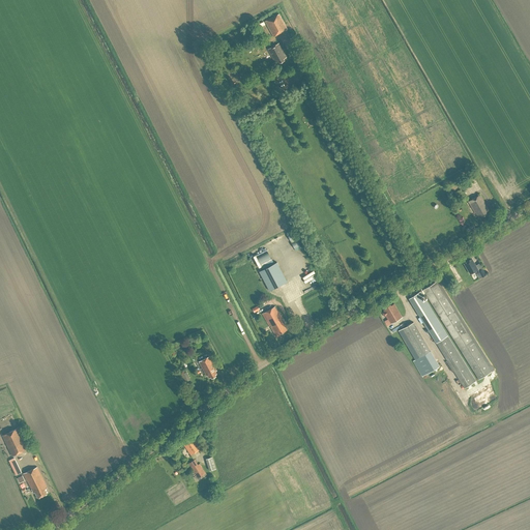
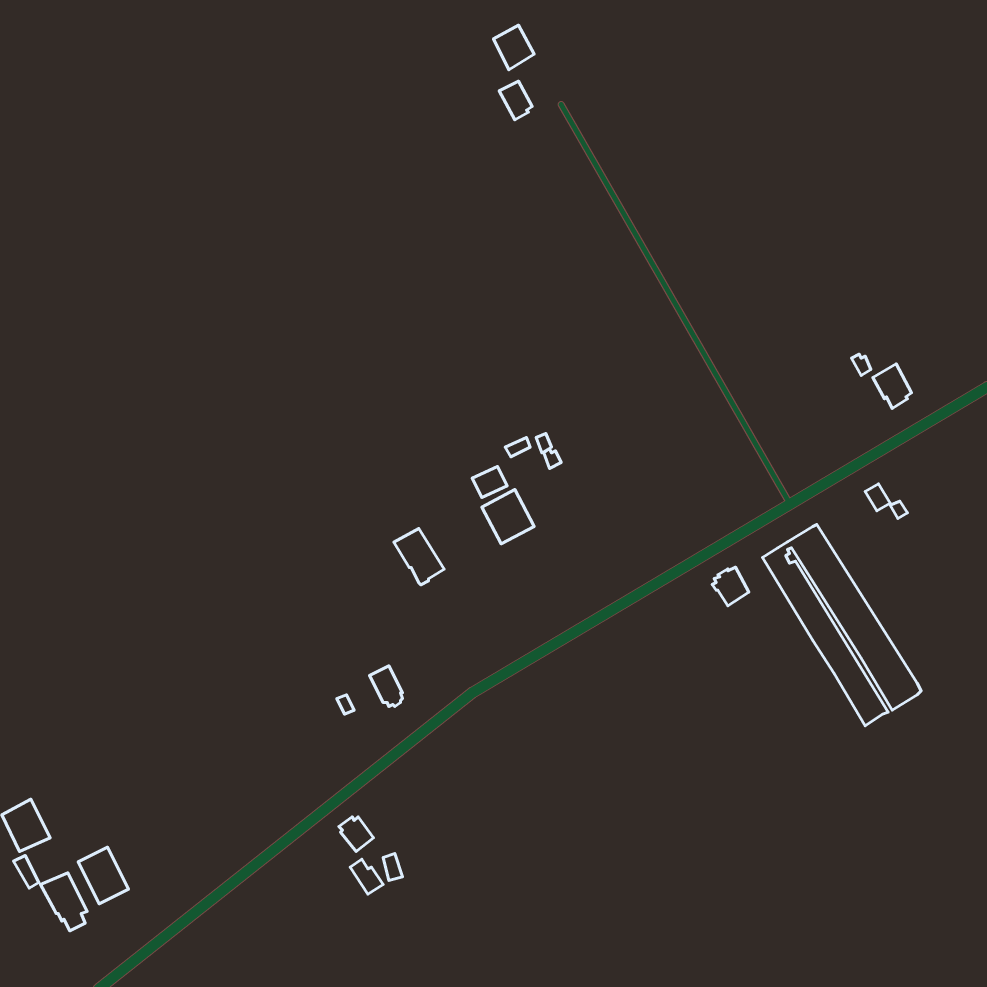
building: [261,307,288,337] -> [394,529,444,585]
building: [398,323,438,377] -> none
building: none -> [78,847,129,904]

